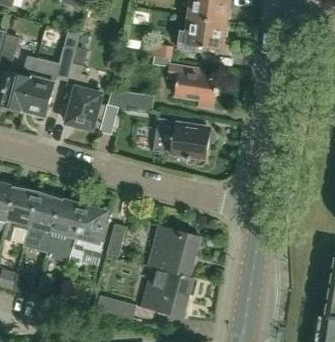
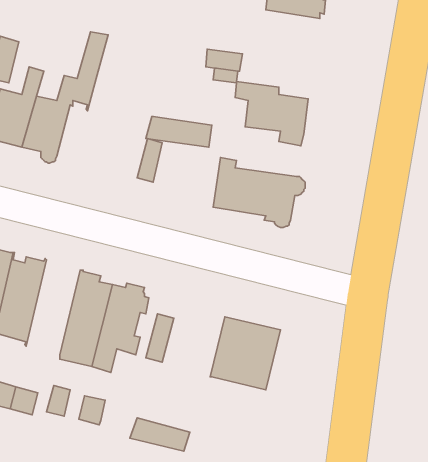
building: [176,16,227,50] -> none
building: [66,63,104,128] -> none
building: [24,187,61,252] -> none
building: [141,267,195,317] -> none

